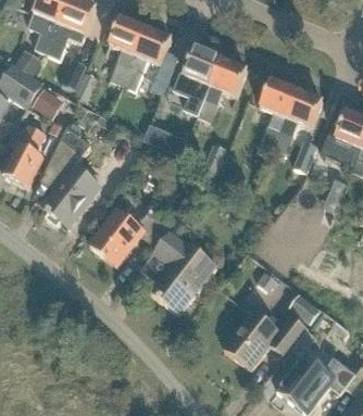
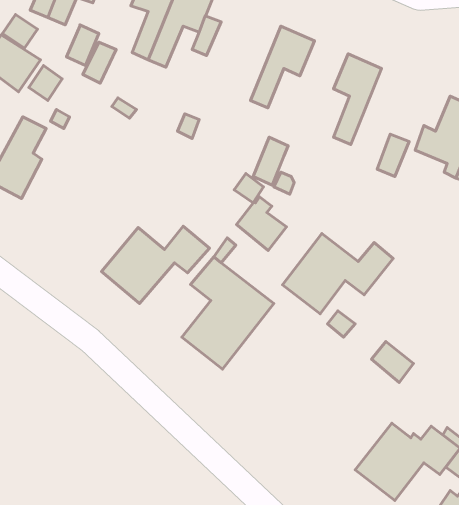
building: [176,49,222,114] -> none
building: [274,90,322,152] -> none
building: [42,125,99,226] -> none
building: none -> [236,197,286,251]
building: [223,308,305,368] -> [282,234,393,314]

